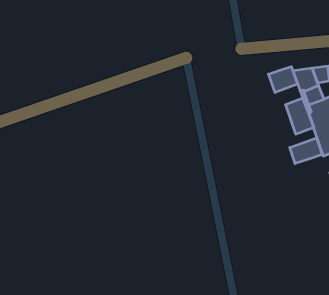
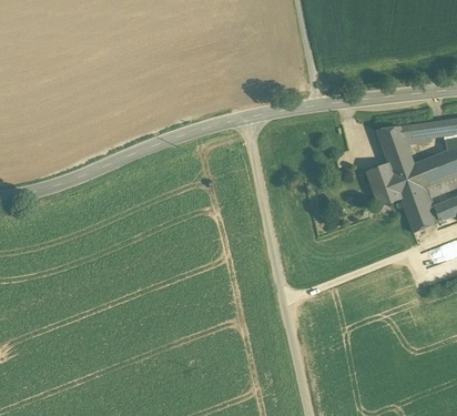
building: [268,67,297,93] -> none
building: [290,138,322,164] -> none

